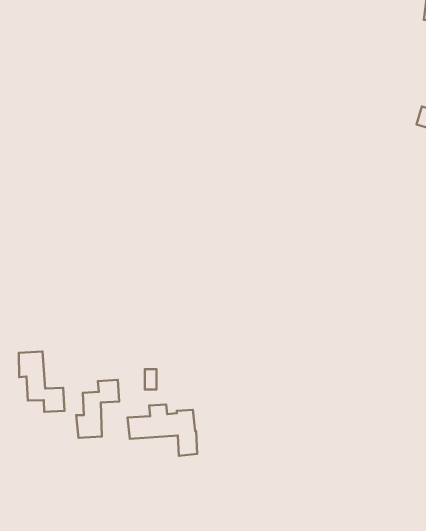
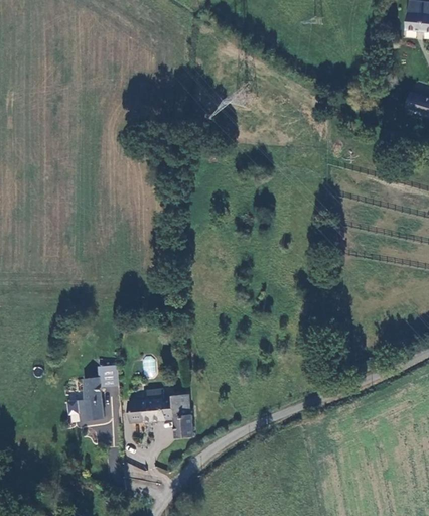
building: [19,352,64,412] -> none

